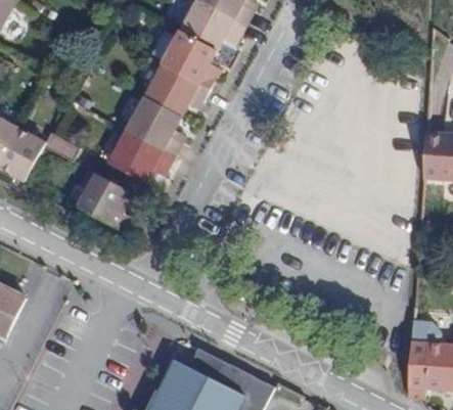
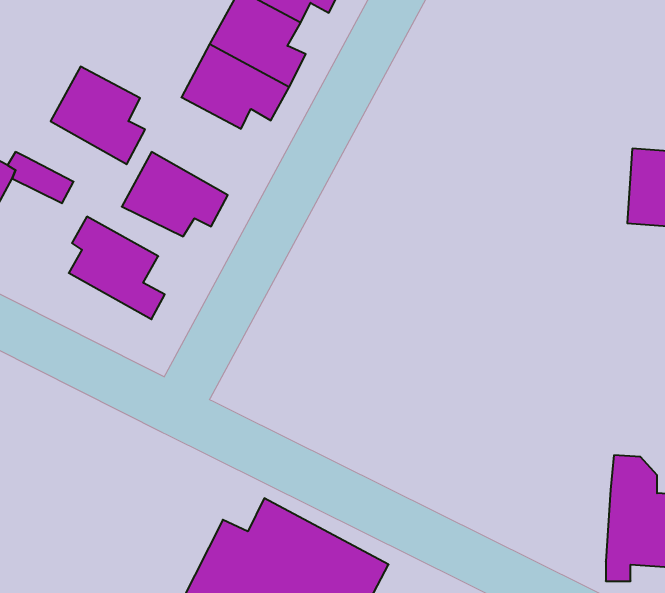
building: [127,98,185,158] -> [51,67,145,164]

